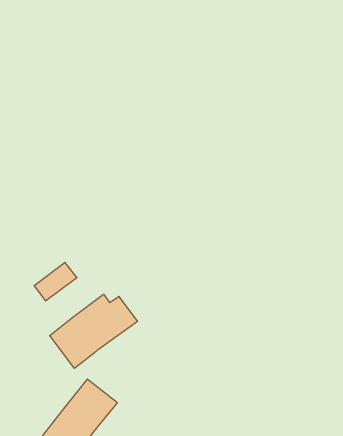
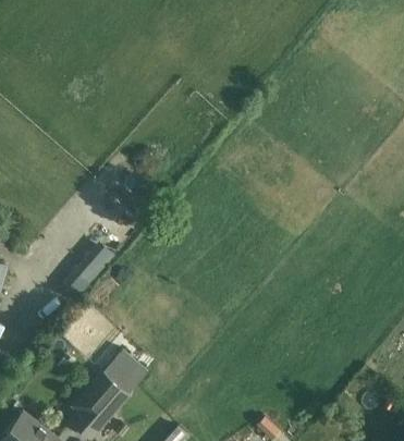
building: [50,294,138,368] -> none

